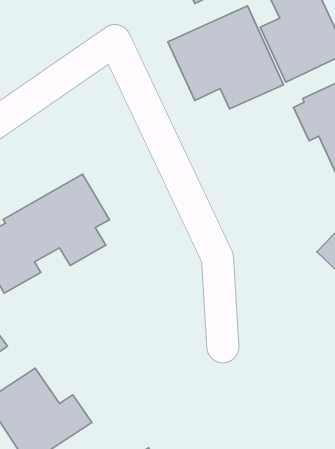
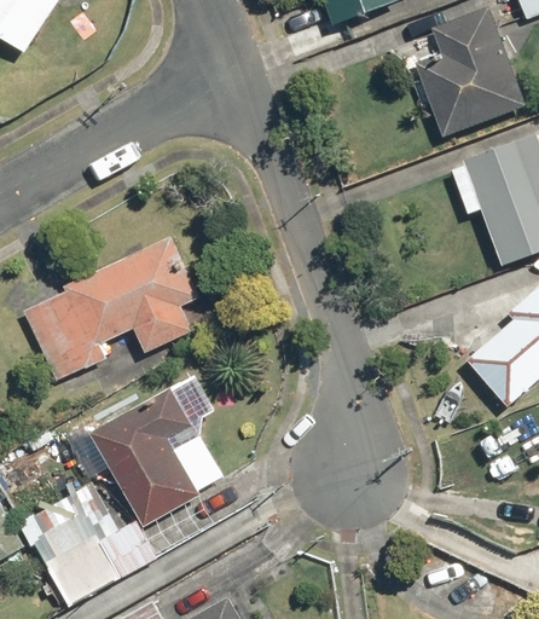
building: [168,6,284,109] -> none
building: none -> [91,388,201,527]

